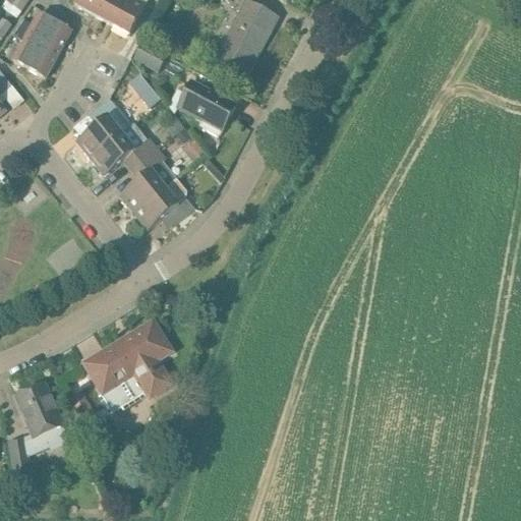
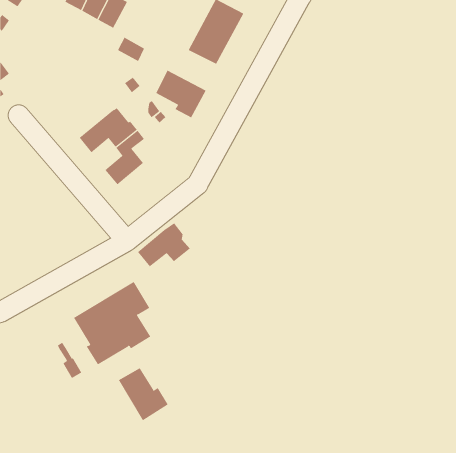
building: [12,10,71,76] -> none
building: [75,99,128,157] -> none
building: [133,177,194,228] -> [137,223,191,267]
building: [9,382,69,473] -> none
building: none -> [118,367,169,421]

